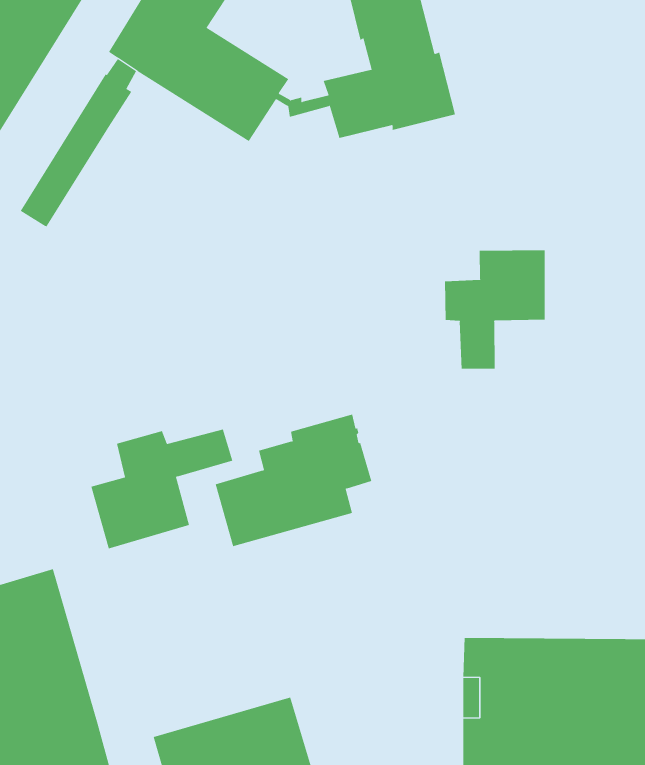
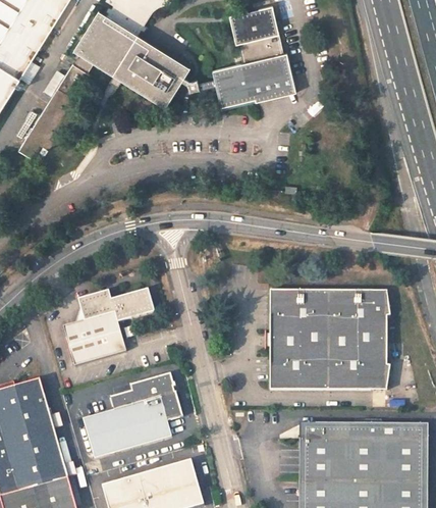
building: [445,250,545,369] -> none
building: [215,414,372,547] -> [84,373,183,458]
building: none -> [266,291,392,391]

